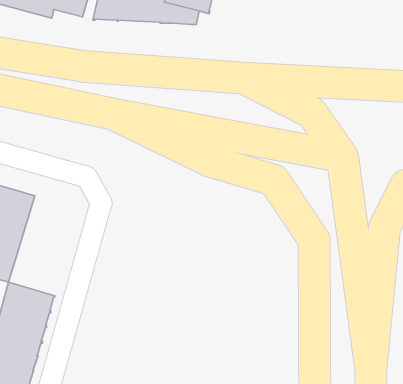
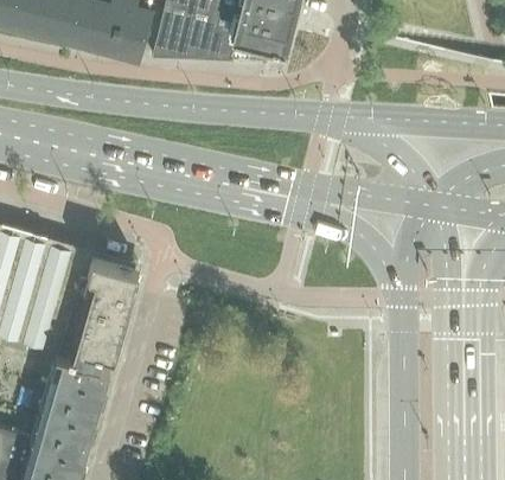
building: none -> [59,250,141,366]

